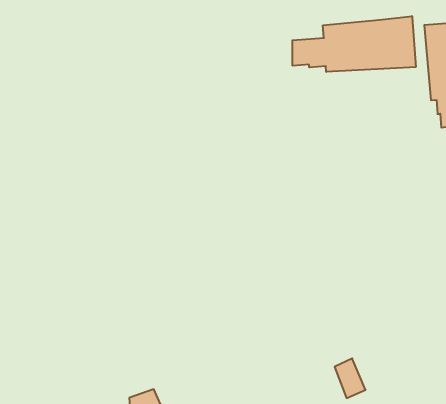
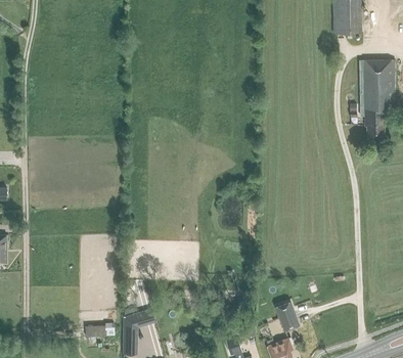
building: [292,16,416,72] -> none

